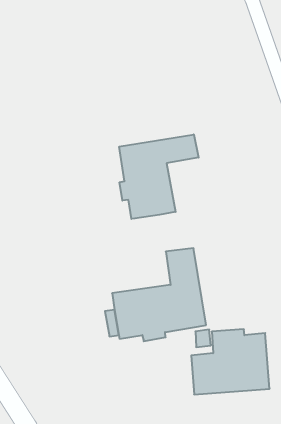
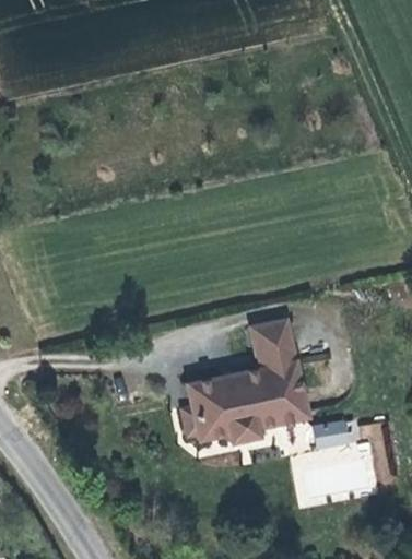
building: [119,134,199,219] -> none

